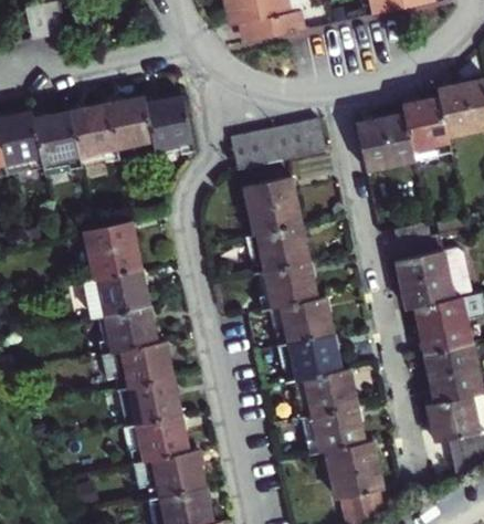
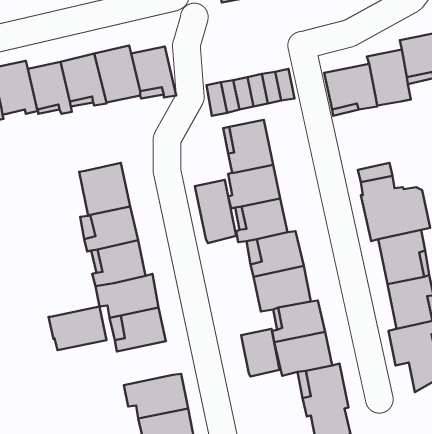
building: none -> [195,180,236,243]
building: none -> [241,329,280,377]
building: [128,413,191,461] -> [48,306,107,350]

